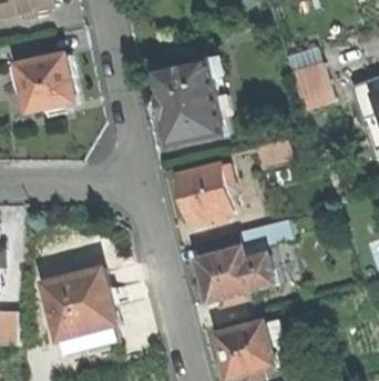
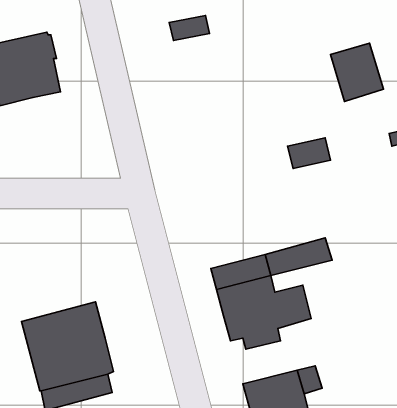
building: [152,57,226,144] -> none
building: [175,162,233,223] -> none

